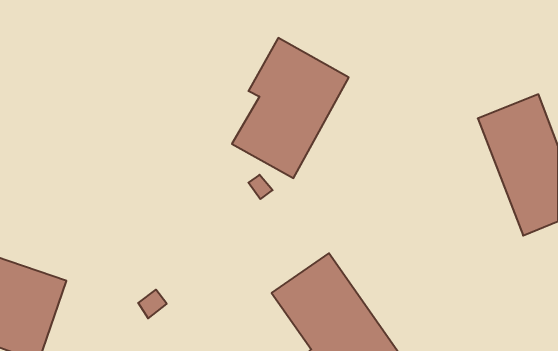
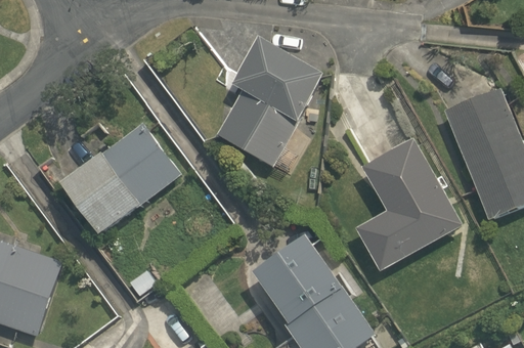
building: none -> [60,123,181,234]
building: none -> [355,138,462,272]

